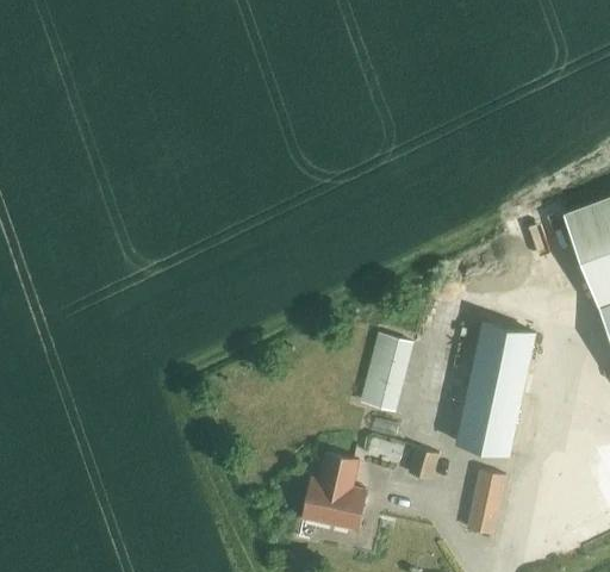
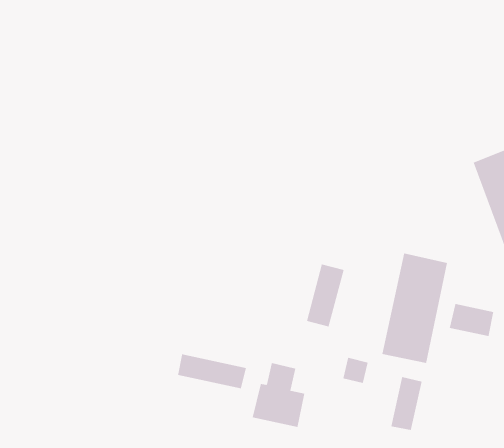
building: none -> [449,303,494,337]
building: none -> [178,354,247,389]

